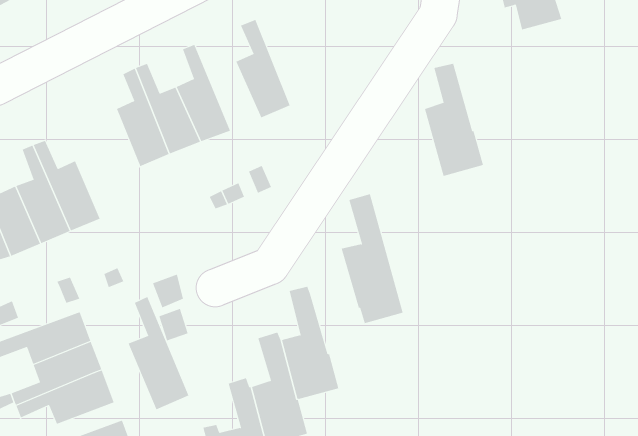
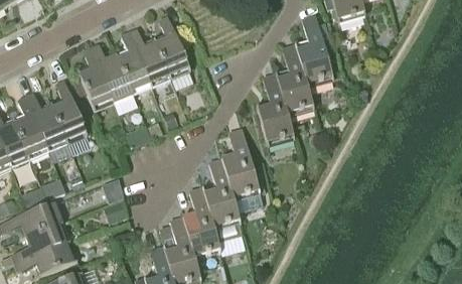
building: none -> [295,13,333,87]
building: none -> [129,27,171,87]
building: none -> [257,73,295,145]
building: none -> [52,80,88,143]
building: none -> [203,157,241,230]
building: [128,296,189,410] -> none

